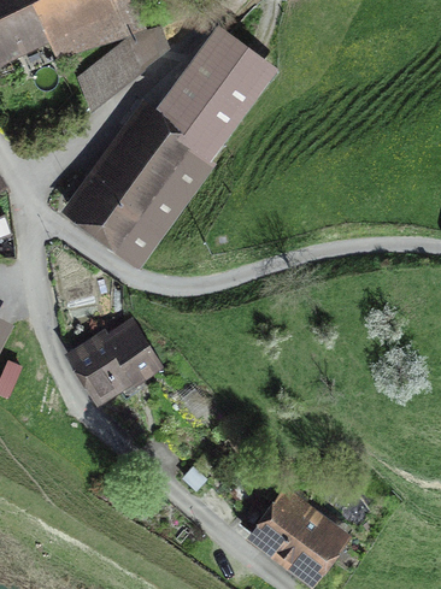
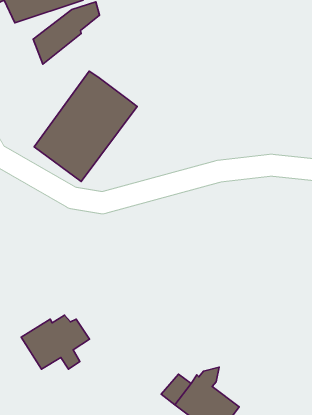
building: [163,39,264,152] -> none
building: [71,328,157,395] -> [21,315,90,369]

